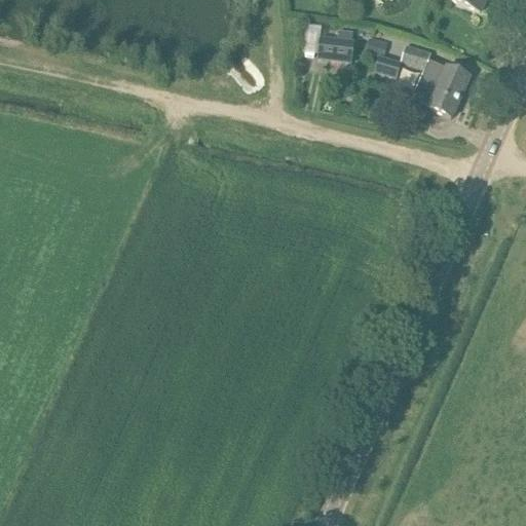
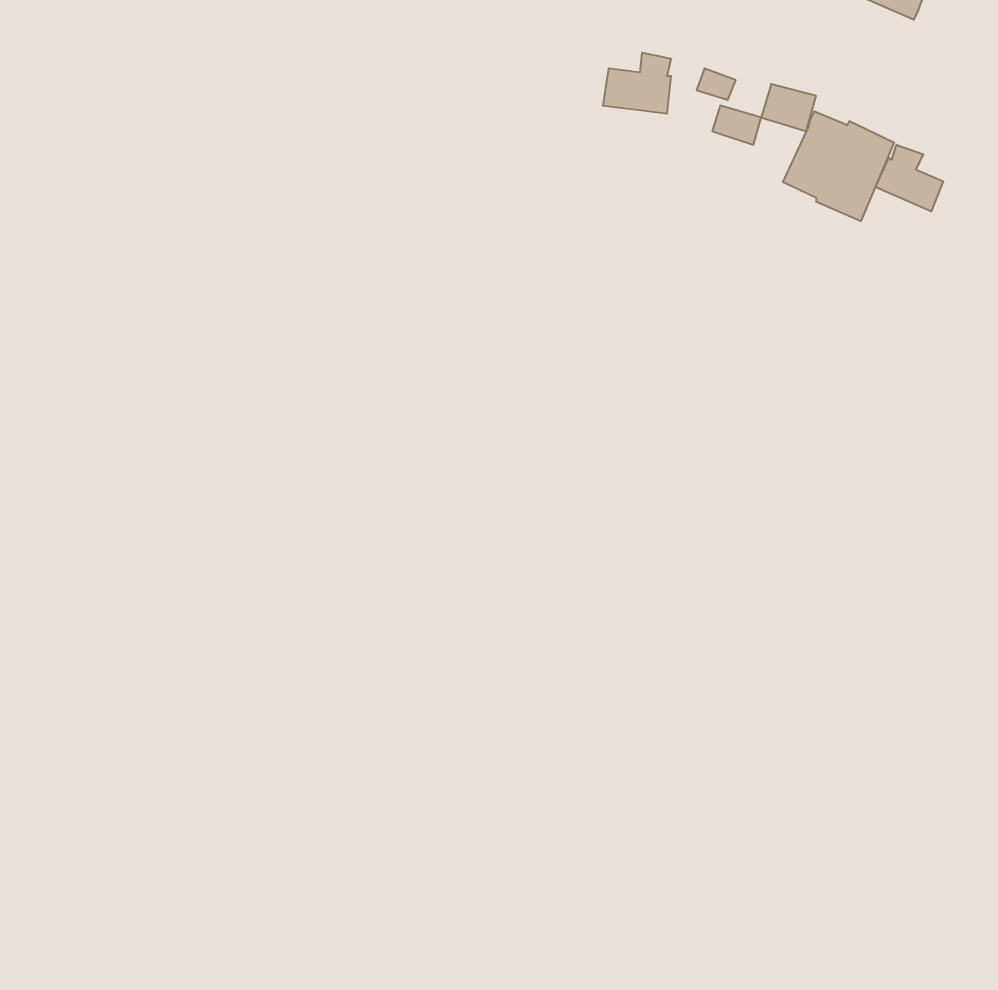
building: none -> [875,145,943,211]

